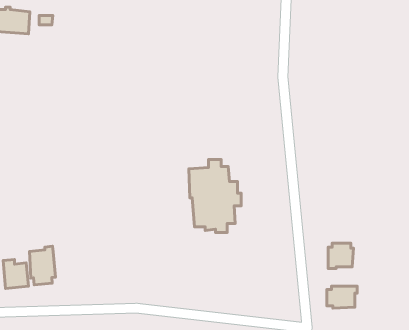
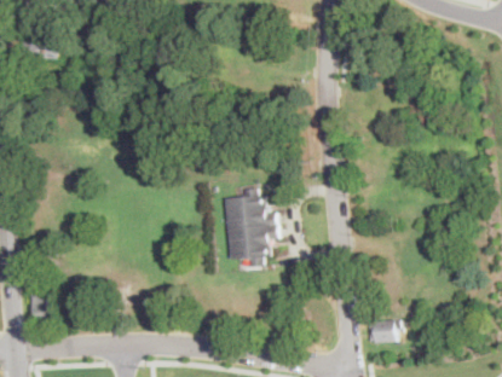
building: [328,243,353,269] -> none
building: [29,246,56,285] -> none

